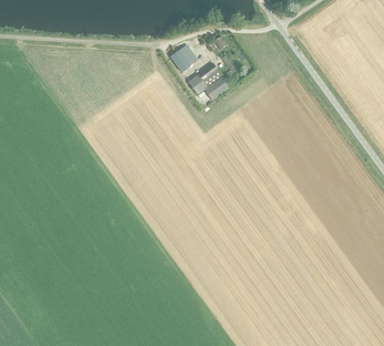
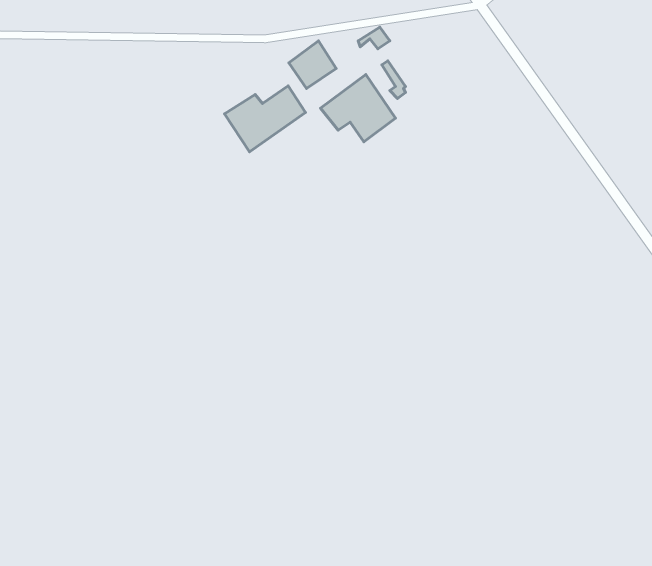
building: none -> [224,86,305,152]

